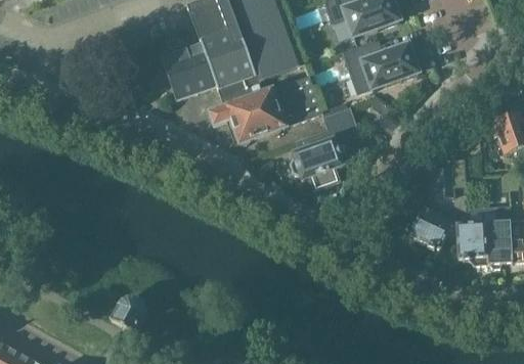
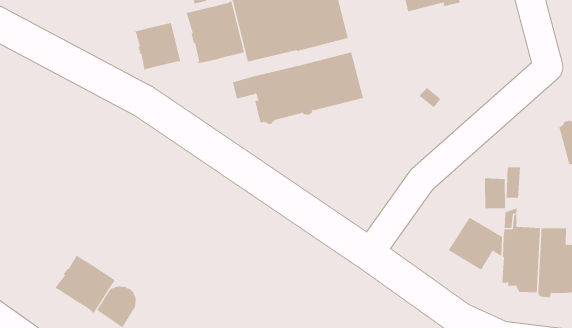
building: [341,39,417,92] -> none
building: none -> [134,22,181,70]
building: [288,107,356,188] -> none
building: none -> [55,254,115,313]

